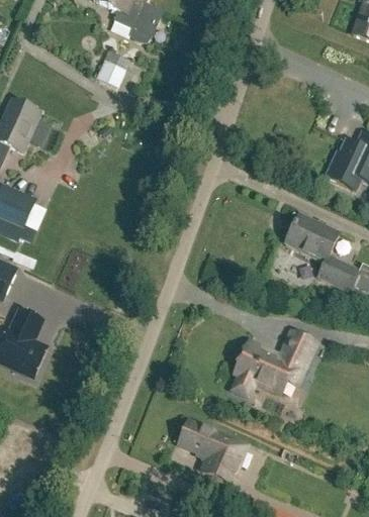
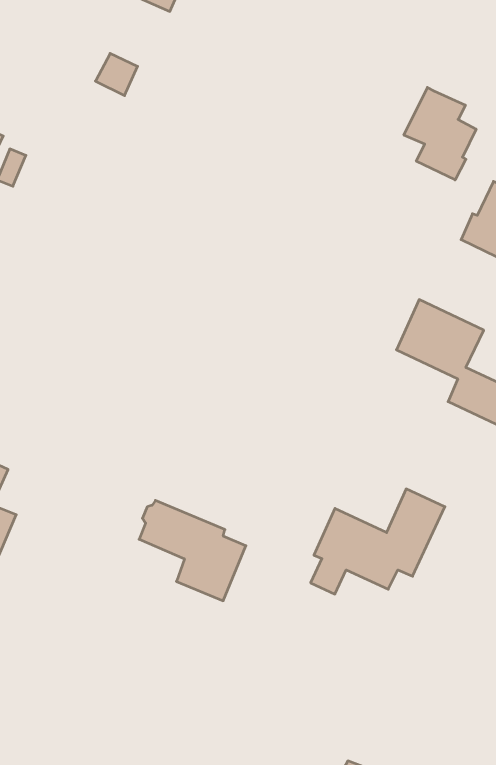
building: none -> [404,87,476,180]
building: [179,420,246,483] -> [139,500,246,601]

